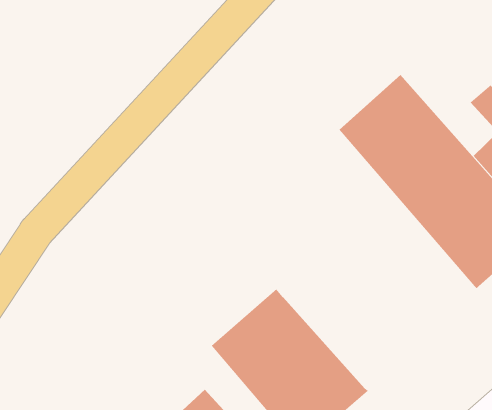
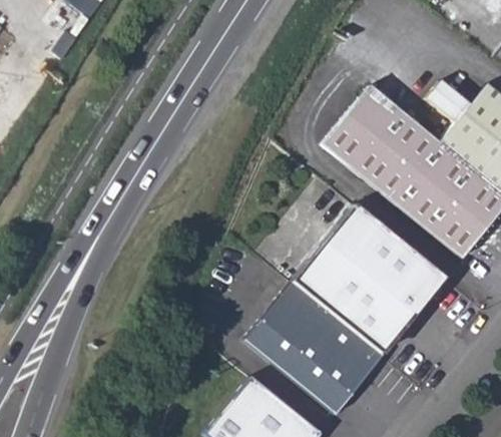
building: none -> [295,205,448,354]

